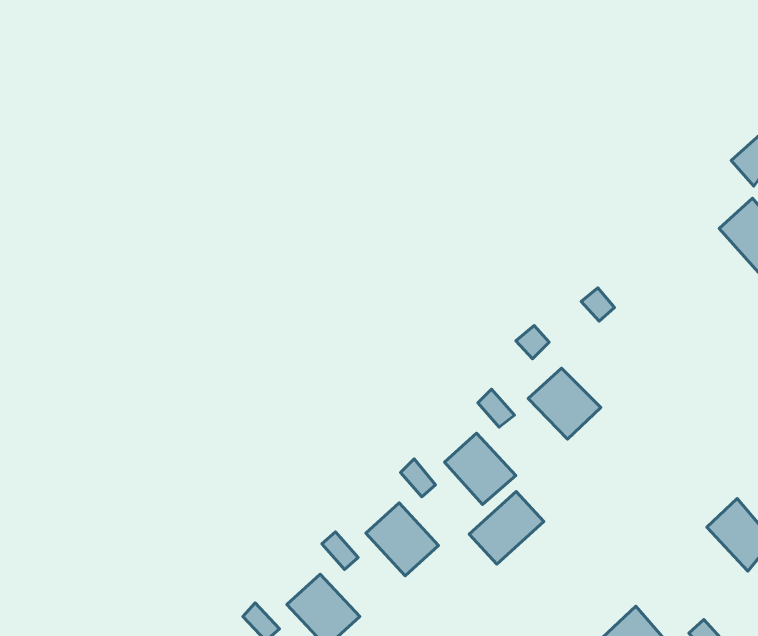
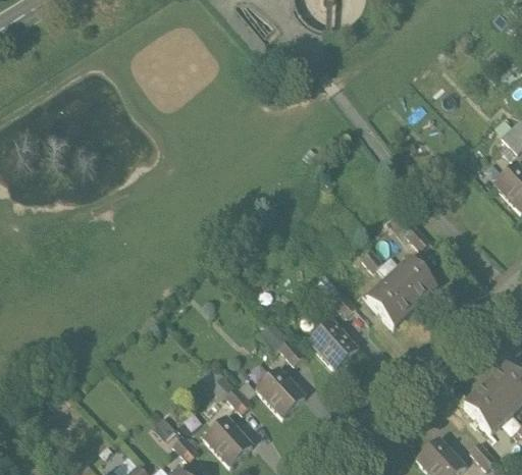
building: none -> [388,256,435,303]
building: [469,492,544,564] -> none
building: none -> [464,383,514,434]

